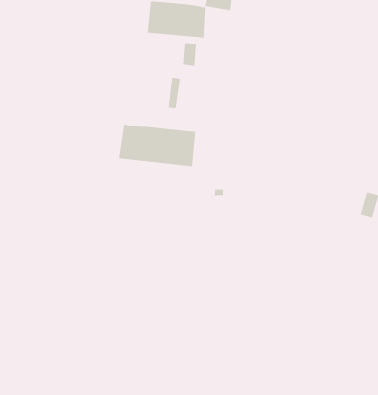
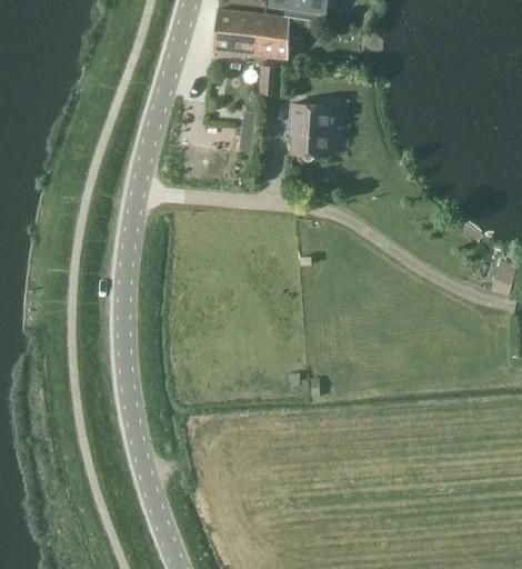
building: none -> [291,102,332,156]
building: [118,124,196,167] -> none

